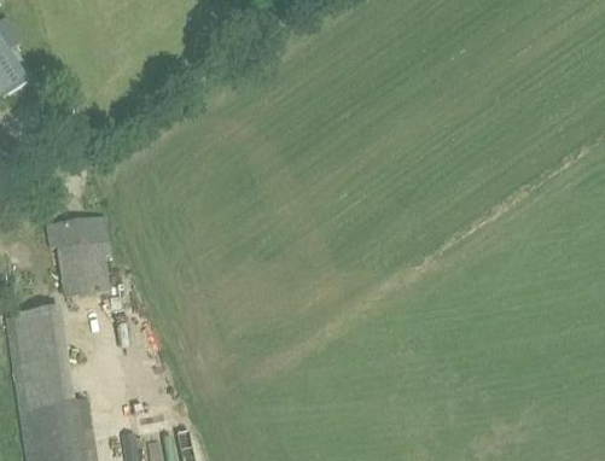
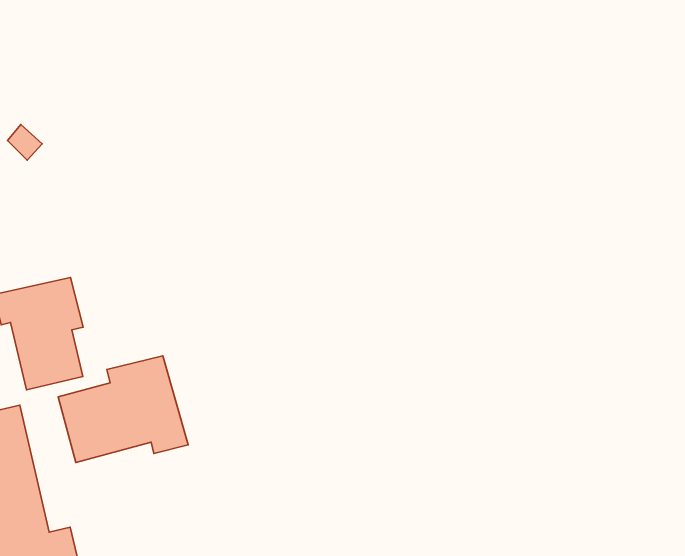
building: none -> [58,356,188,462]

